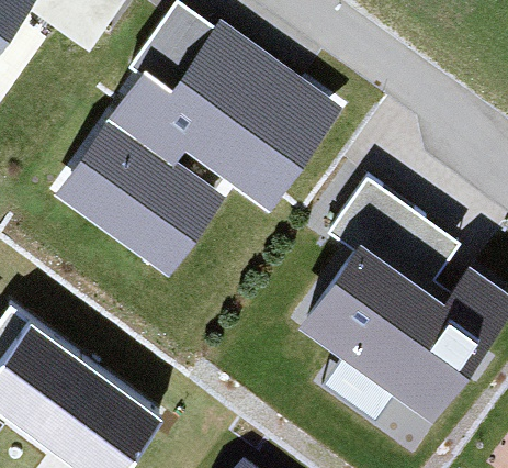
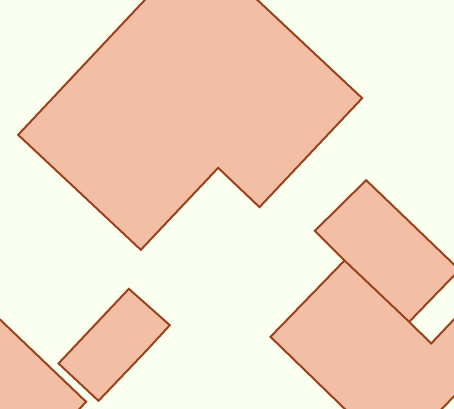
building: none -> [59,289,170,401]

